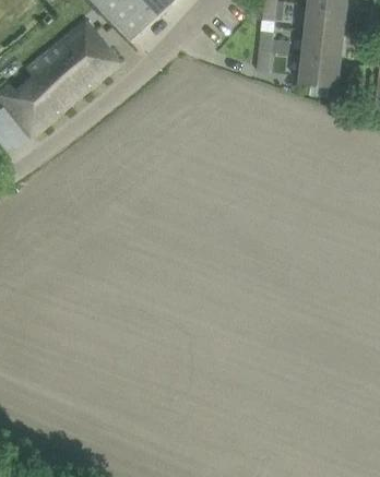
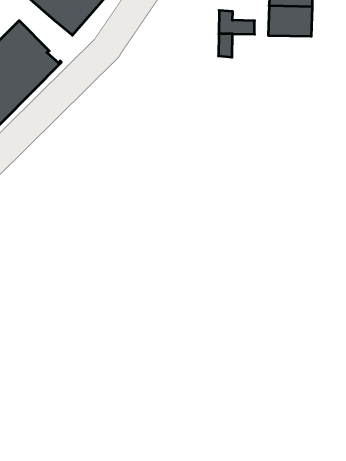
building: [299,58,341,88] -> none

